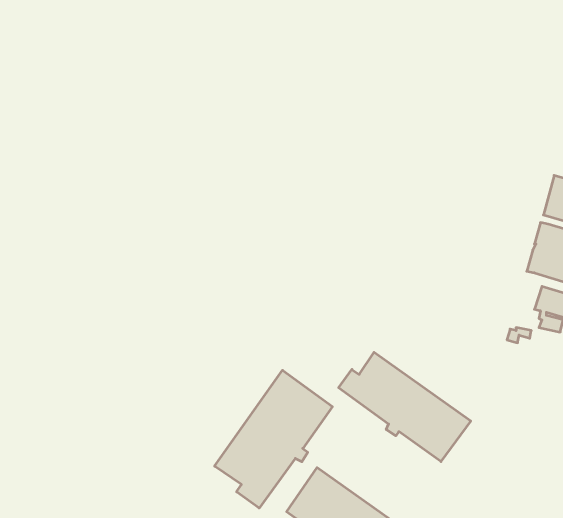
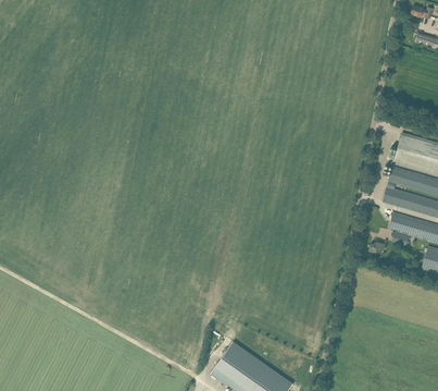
building: [339,352,471,462] -> none
building: [215,370,332,508] -> none

